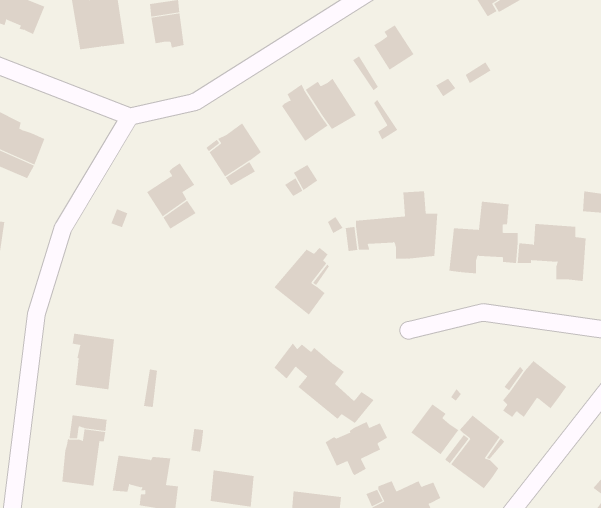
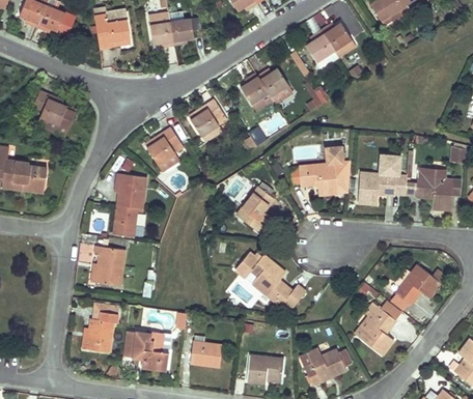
building: none -> [170,19,194,45]
building: none -> [321,22,357,58]
building: none -> [113,173,146,237]
building: [411,403,459,455] -> none
building: [325,421,388,476] -> none

